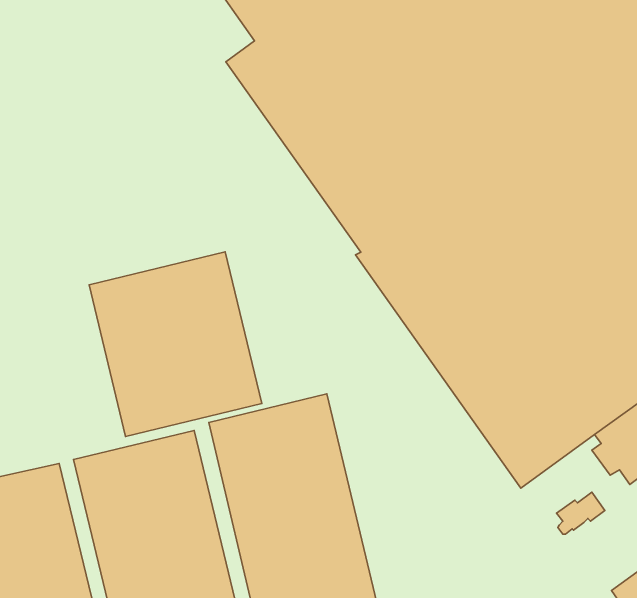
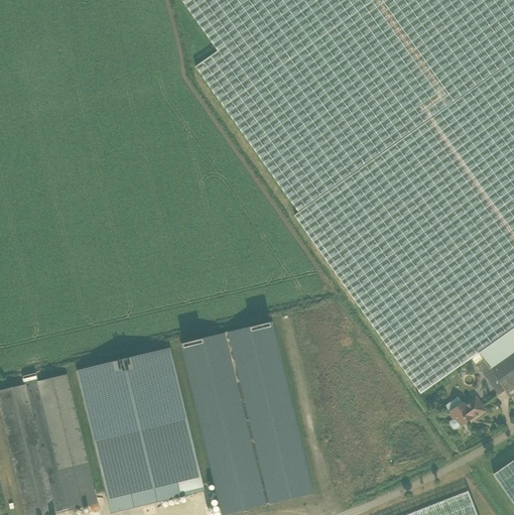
building: [89,252,262,436] -> none

